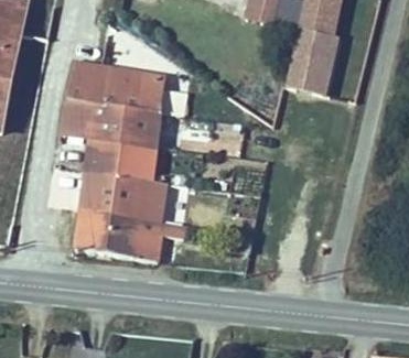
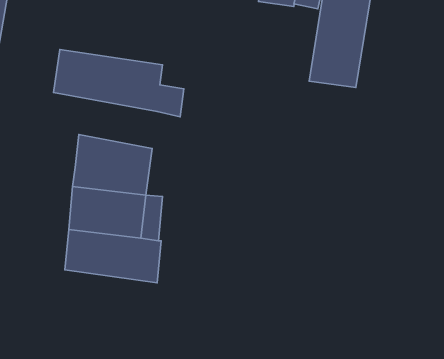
building: [61,95,157,143] -> none

